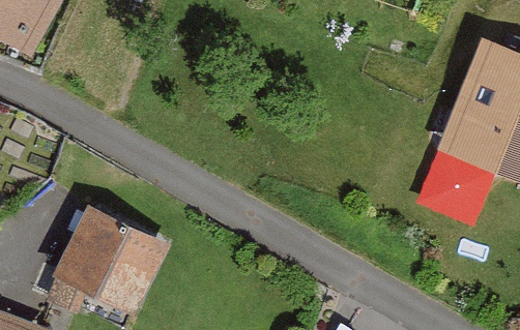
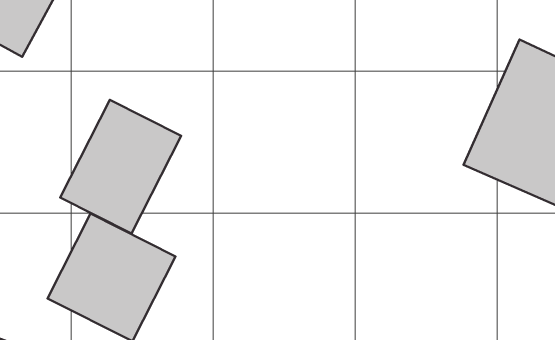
building: none -> [60,100,181,234]

